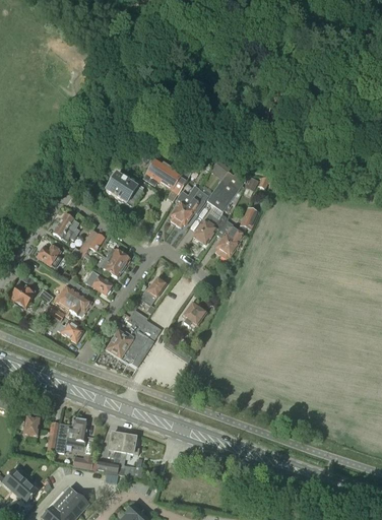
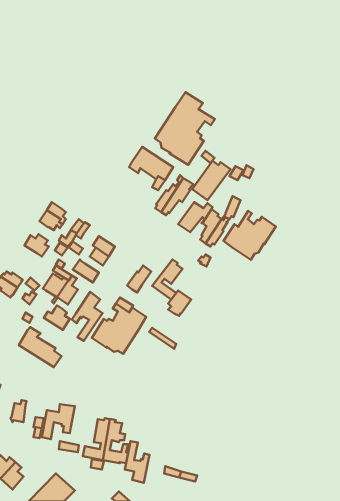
building: none -> [155,92,215,165]
building: [106,173,142,204] -> none
building: none -> [224,211,276,260]
building: none -> [152,259,183,300]
building: none -> [72,292,102,341]
building: none -> [19,327,61,367]
building: none -> [125,441,150,483]

